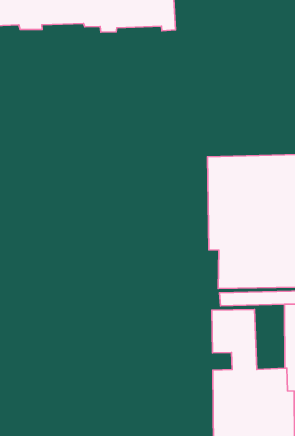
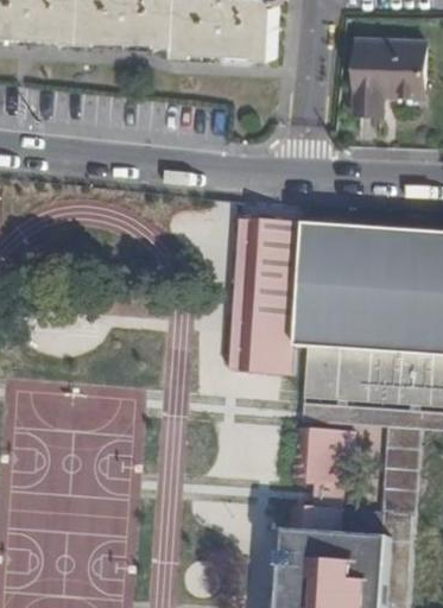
building: none -> [355,38,425,110]
building: none -> [229,223,304,376]

